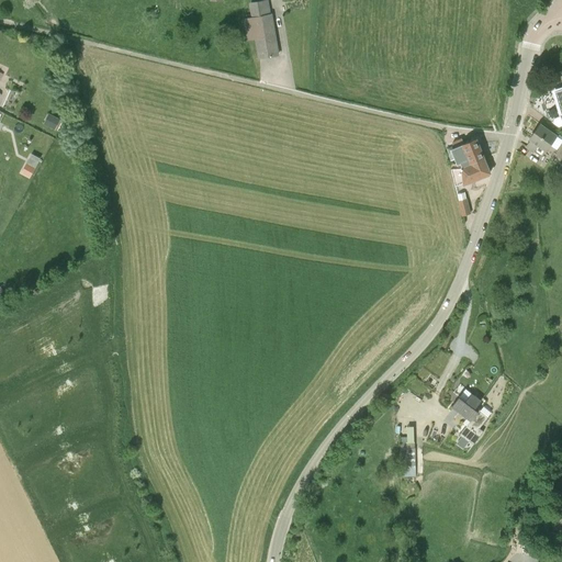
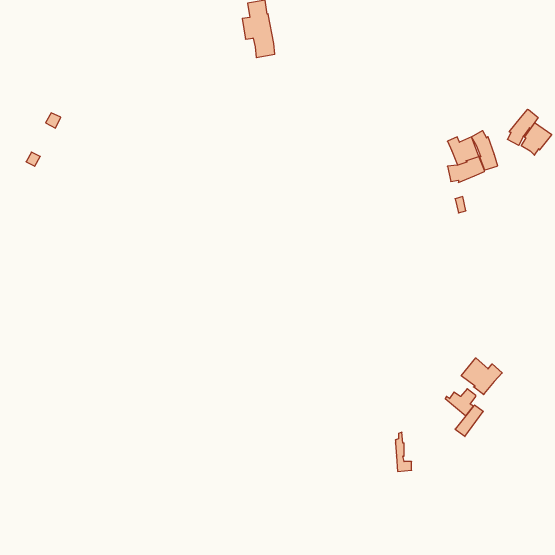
building: none -> [507,109,538,145]
building: none -> [471,131,498,170]
building: none -> [461,358,502,395]

